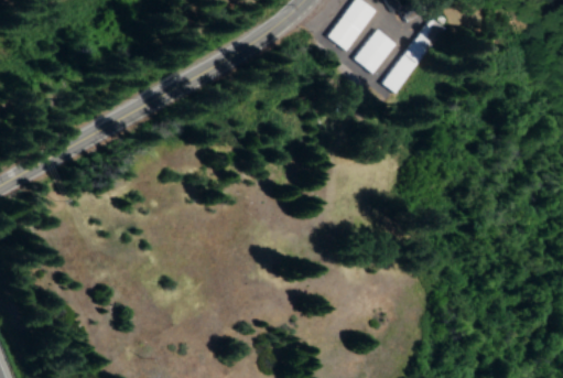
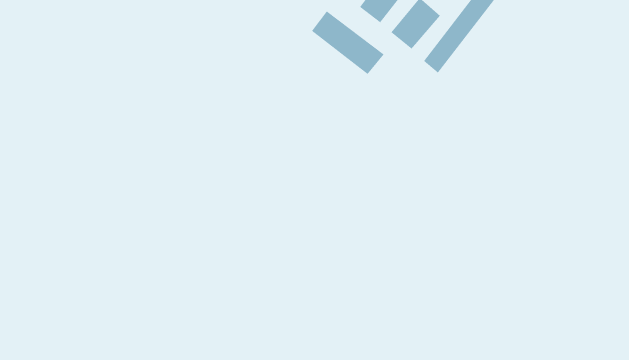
building: none -> [311,11,384,75]

